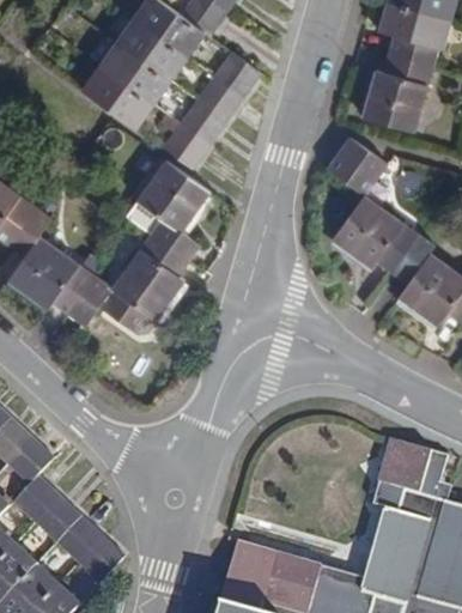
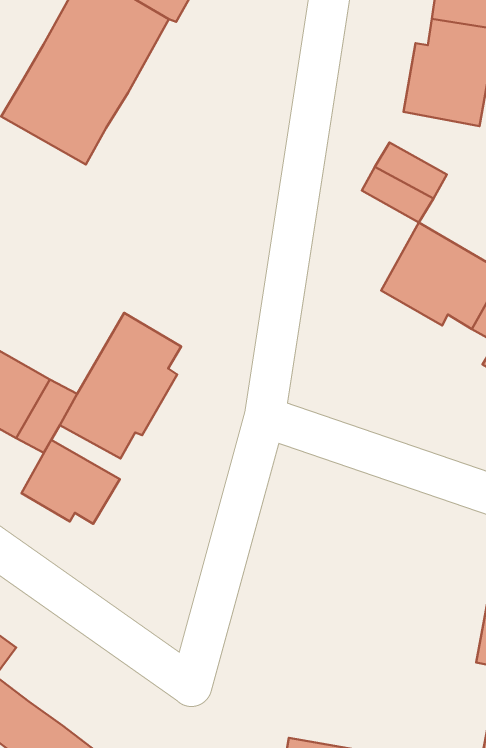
building: [164,53,262,169] -> none
building: [139,162,211,262] -> none
building: none -> [21,440,120,524]

